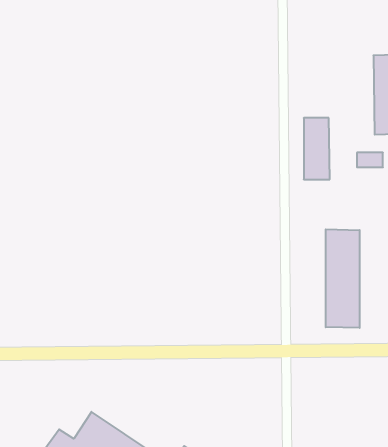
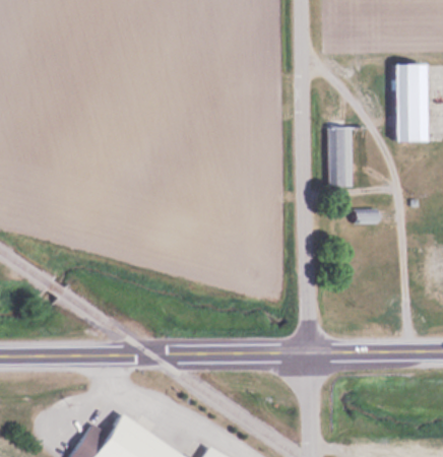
building: [357,153,383,167] -> [355,209,380,223]
building: [326,229,360,328] -> none

